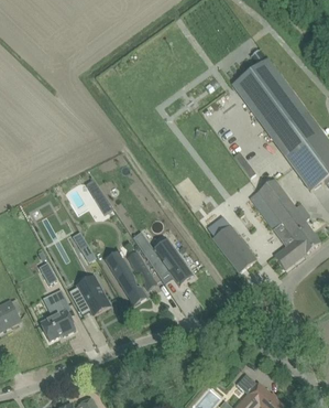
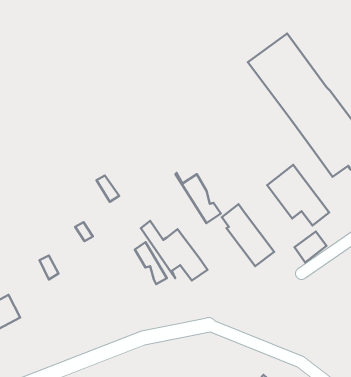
building: [290,223,320,254] -> none
building: [105,258,146,304] -> [175,173,221,223]
building: [68,281,109,313] -> none
building: [40,289,75,340] -> none

